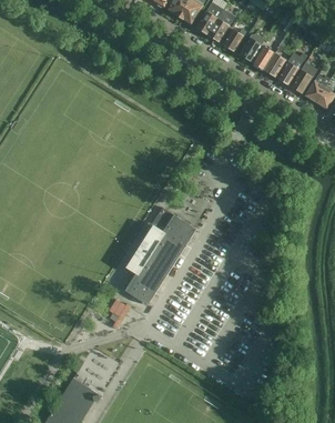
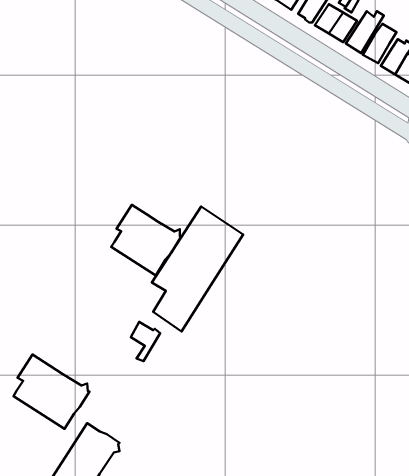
building: none -> [111,205,181,275]
building: none -> [13,355,89,429]

